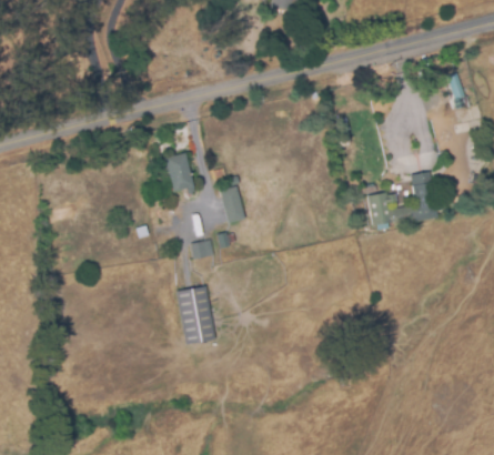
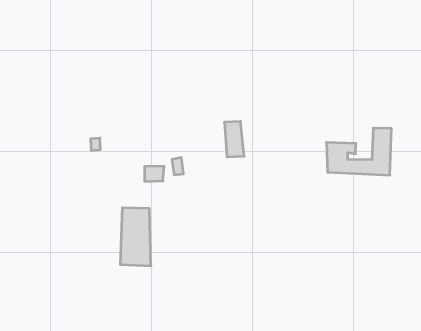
building: [169,150,199,191] -> none
building: [219,186,243,223] -> [224,121,244,157]

